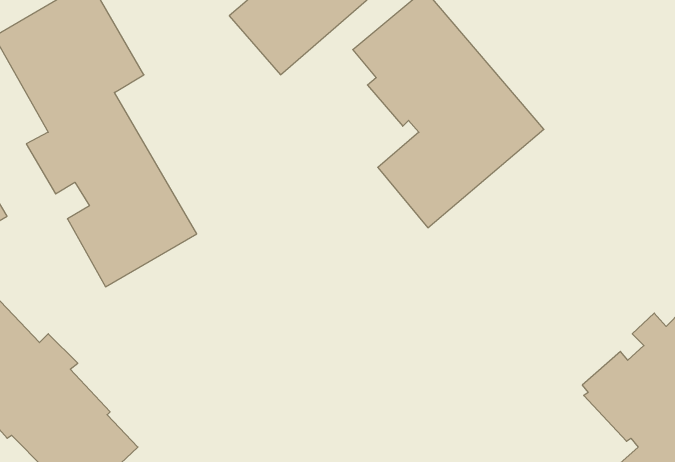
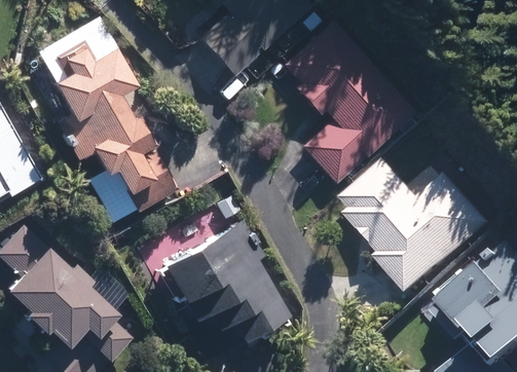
building: none -> [343,157,492,295]
building: none -> [158,216,285,336]

